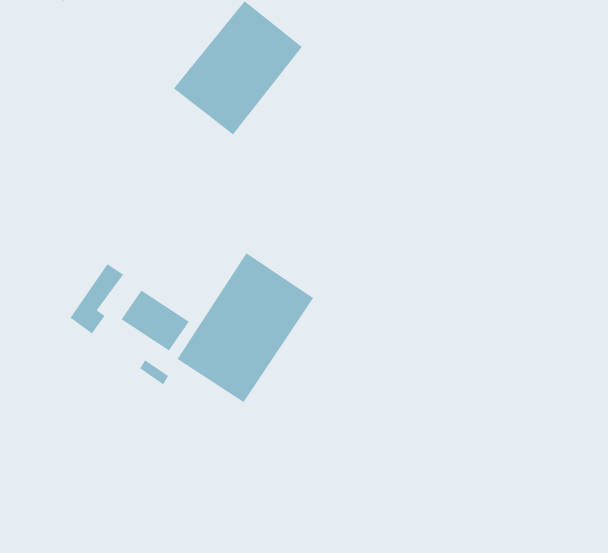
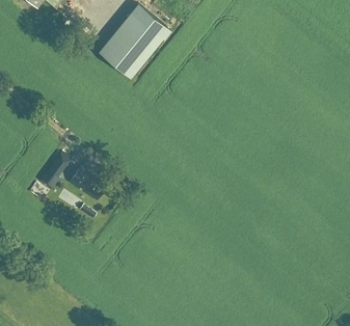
building: [177,252,314,403] -> none

